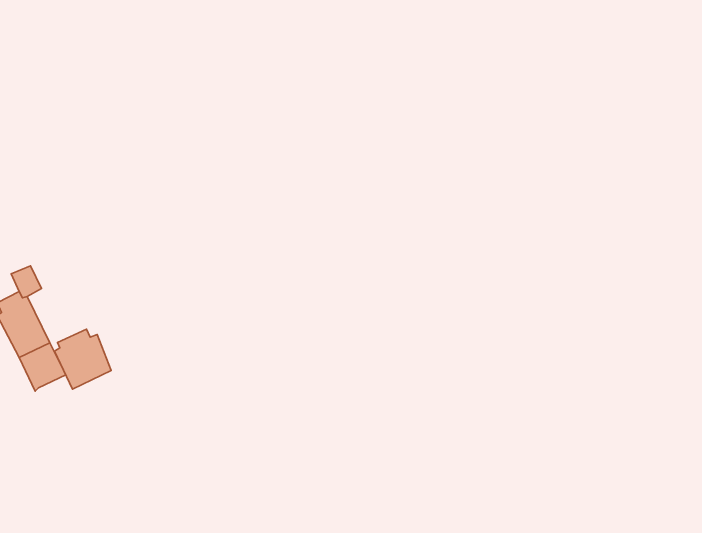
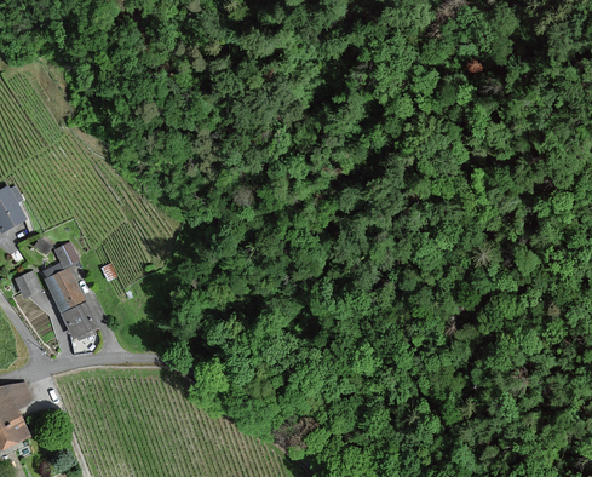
building: [54,329,111,389] -> none

